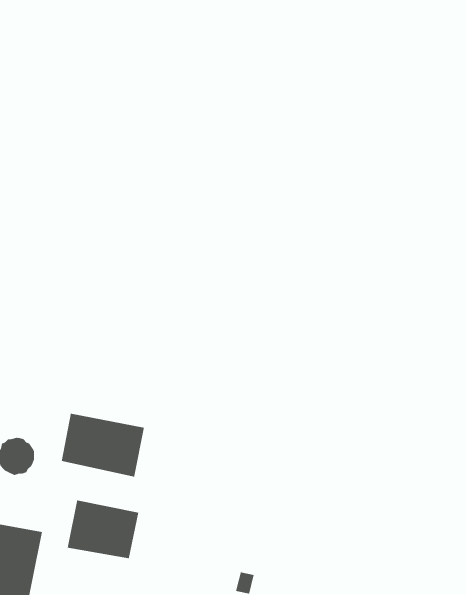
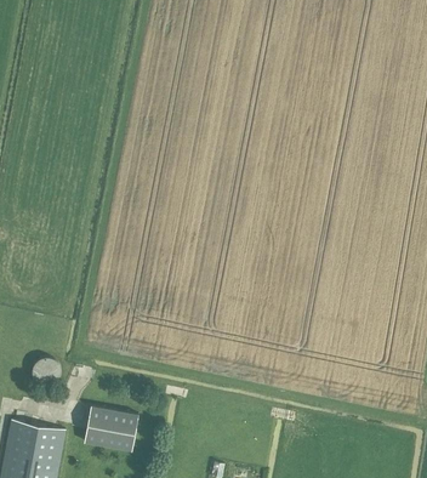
building: [61,413,144,477] -> none

